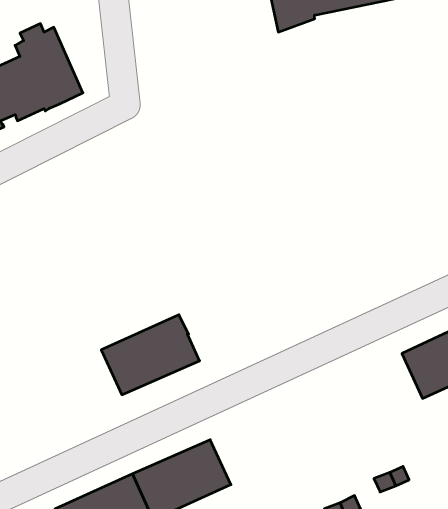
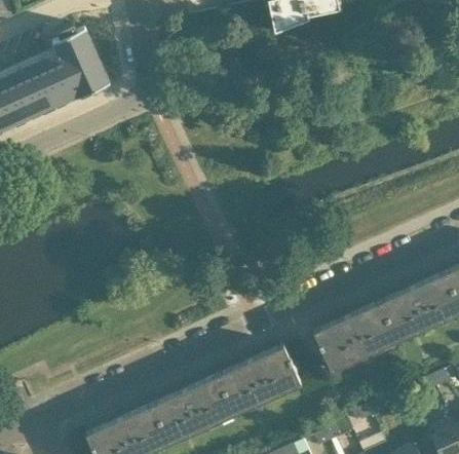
building: [101,315,200,395] -> [217,346,300,414]
building: none -> [313,303,396,372]

